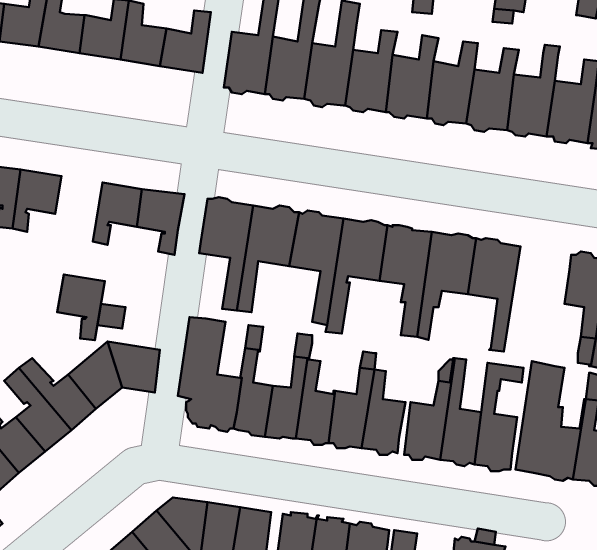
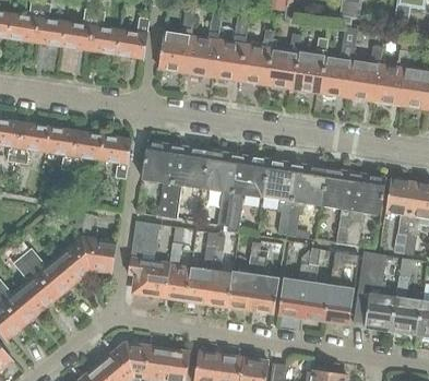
building: none -> [345,174,385,246]
building: [57,275,105,340] -> [46,127,78,170]

